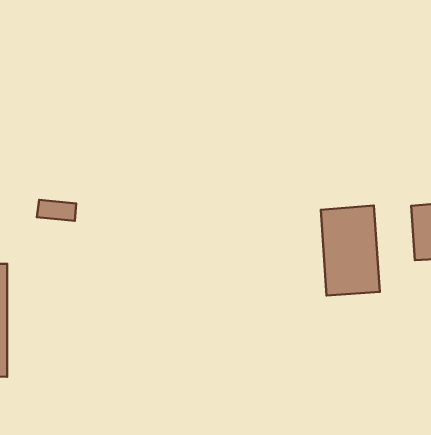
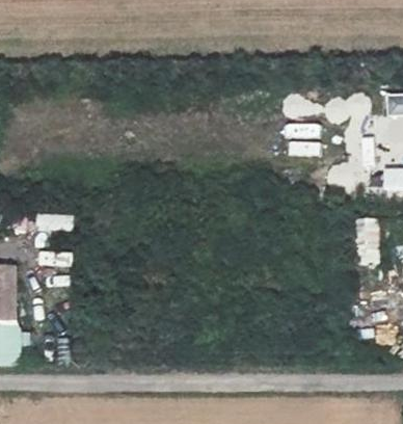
building: [321,206,380,295] -> none

